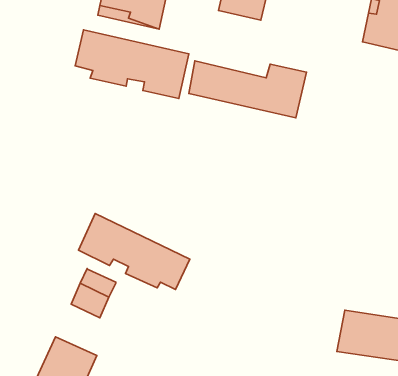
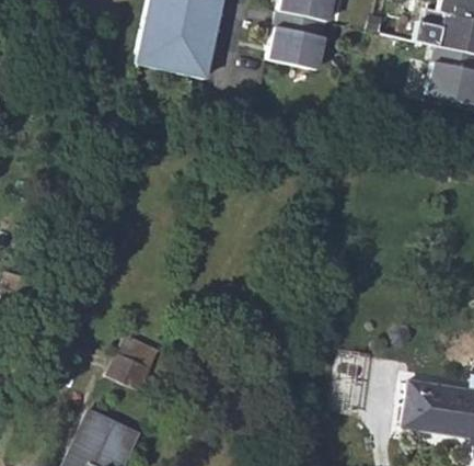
building: [75,30,189,98] -> none
building: [189,61,307,118] -> none
building: [78,213,190,290] -> none

